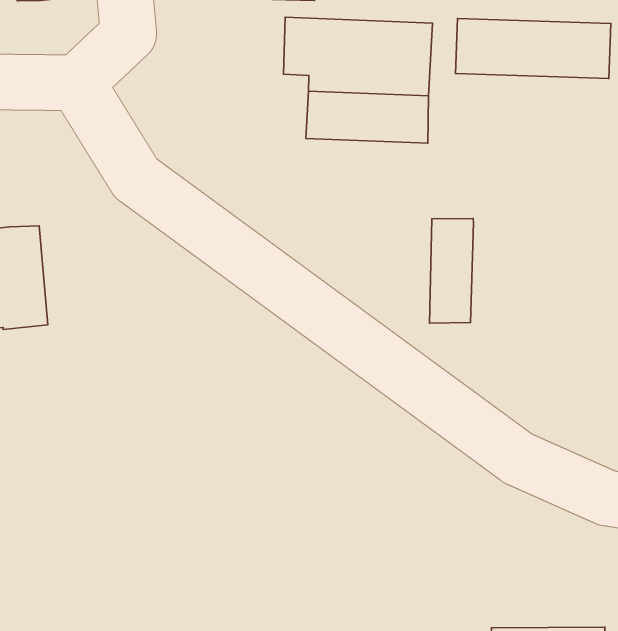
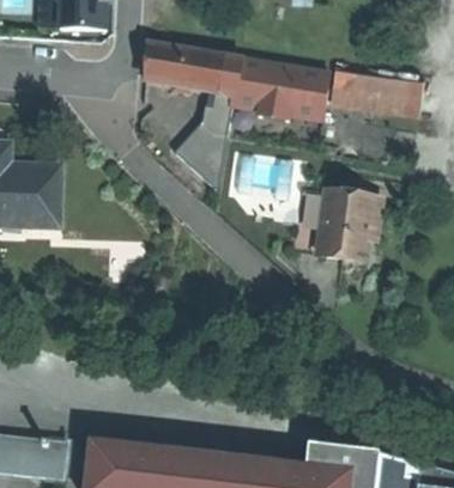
building: none -> [144,45,225,91]
building: none -> [319,194,374,261]

